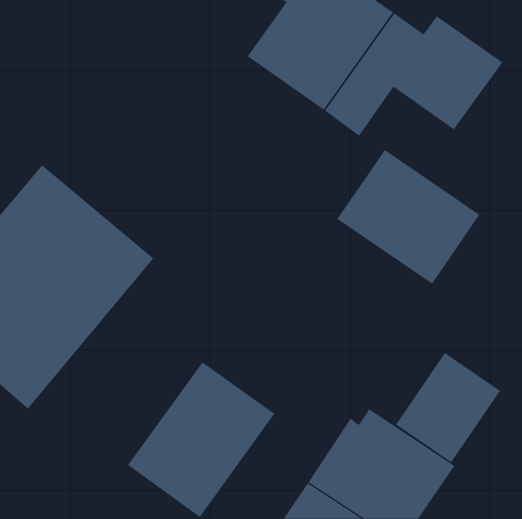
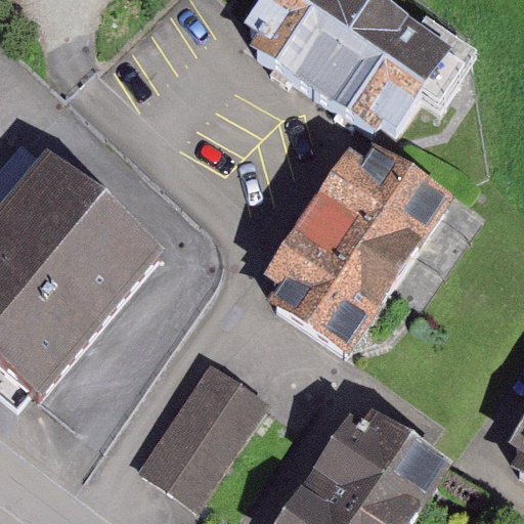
building: none -> [280,215,425,352]
building: [395,352,501,463] -> none

